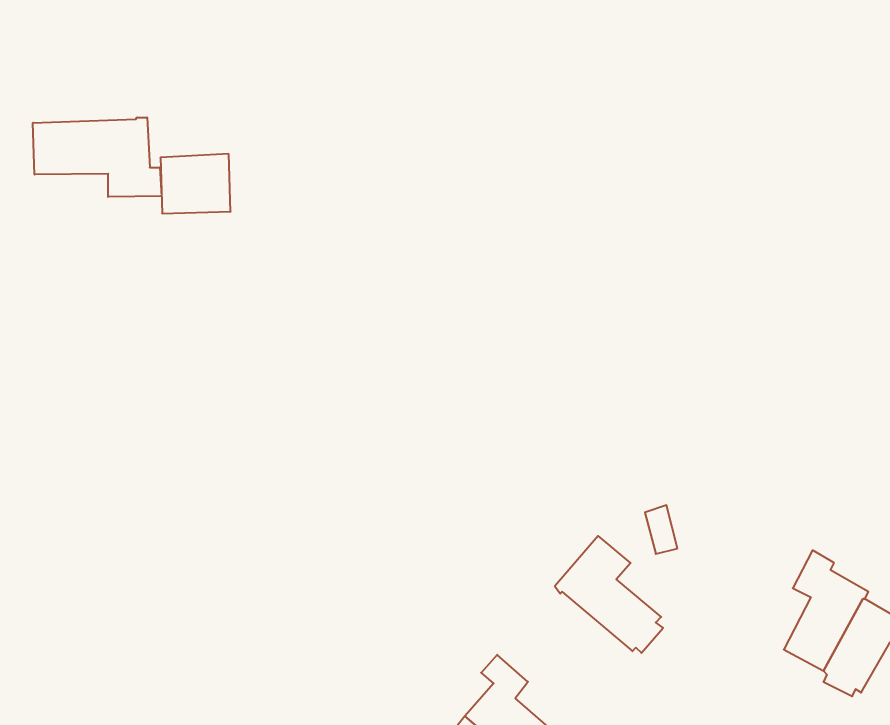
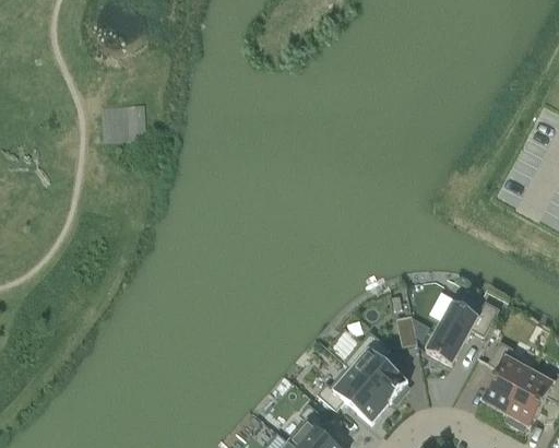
building: [33,117,162,197] -> none
building: none -> [425,297,499,365]
building: none -> [316,366,390,424]

